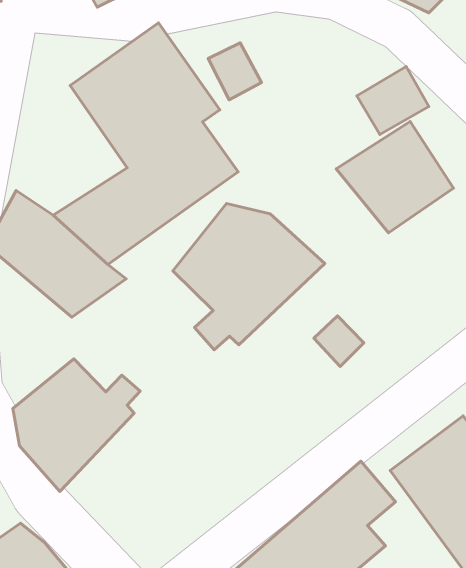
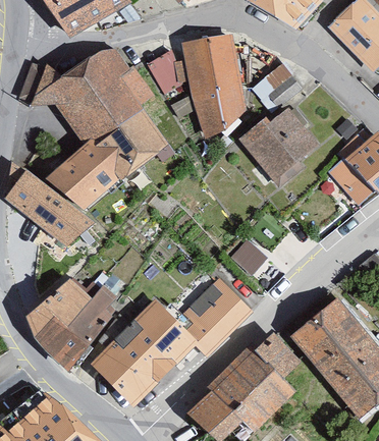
building: none -> [179,36,247,139]
building: [173,204,325,350] -> none
building: none -> [90,282,241,402]

